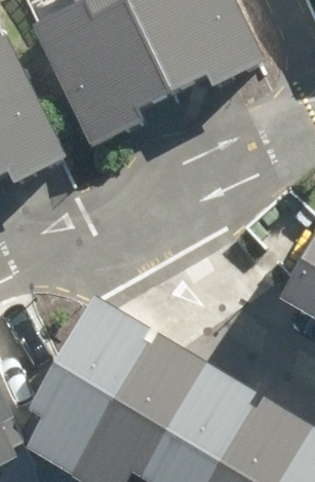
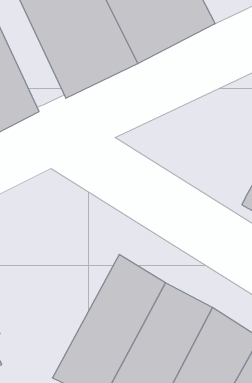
building: [25,296,149,470] -> none

